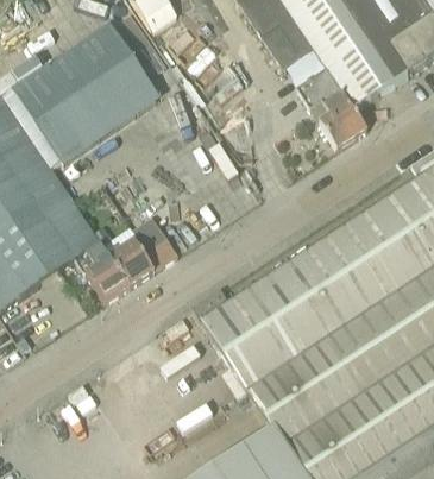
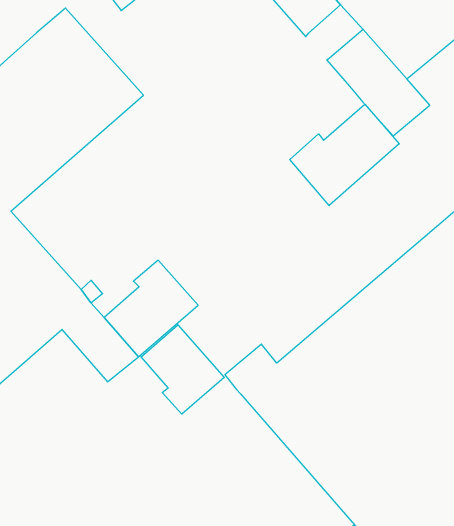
building: none -> [290,104,399,206]
building: none -> [141,325,224,414]

